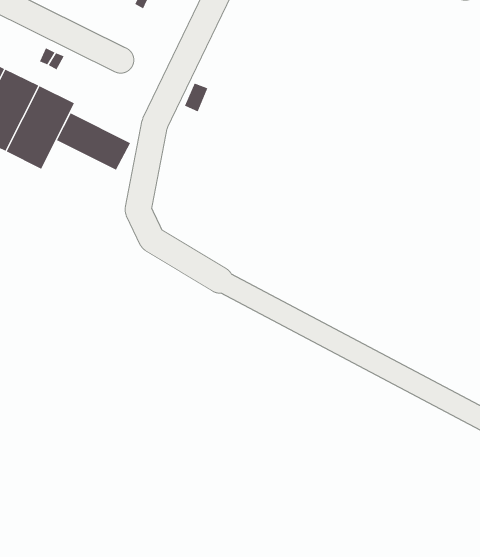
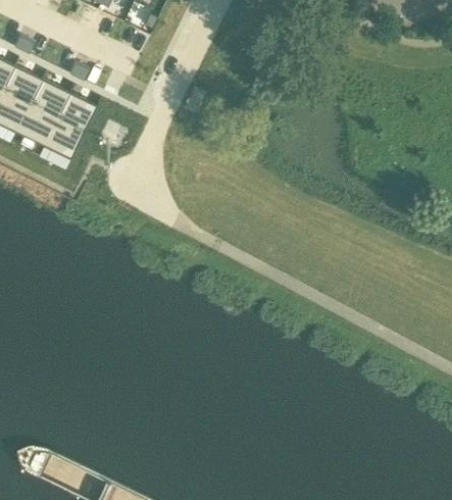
building: [56,113,131,171] -> none

